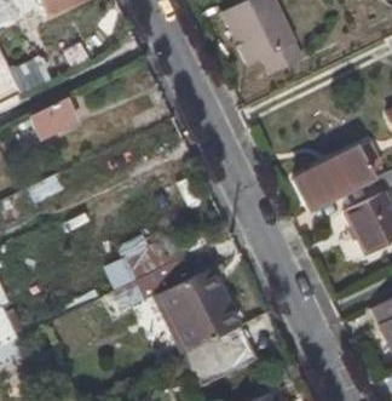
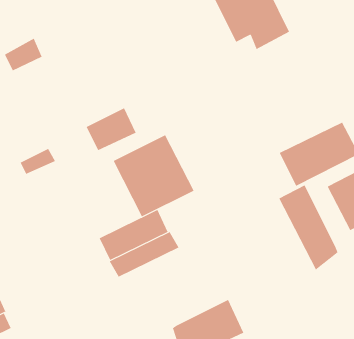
building: [29,96,80,139] -> [86,108,136,151]
building: none -> [279,184,338,271]
building: [160,268,242,351] -> [113,134,194,217]

